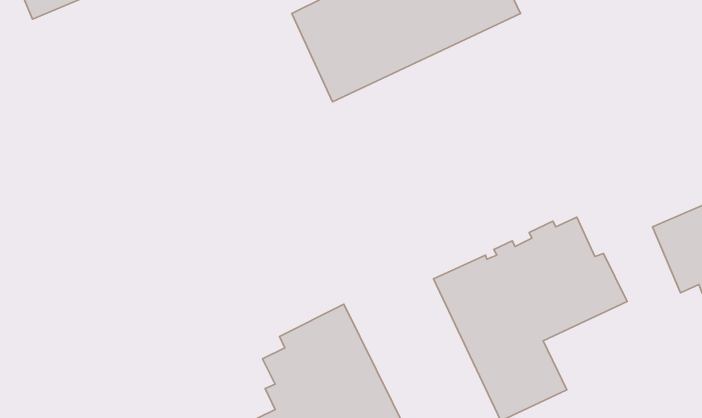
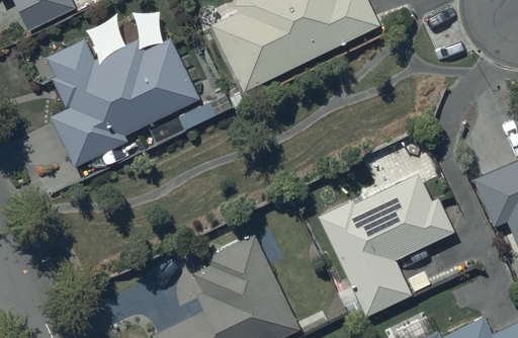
building: none -> [47,38,198,166]

